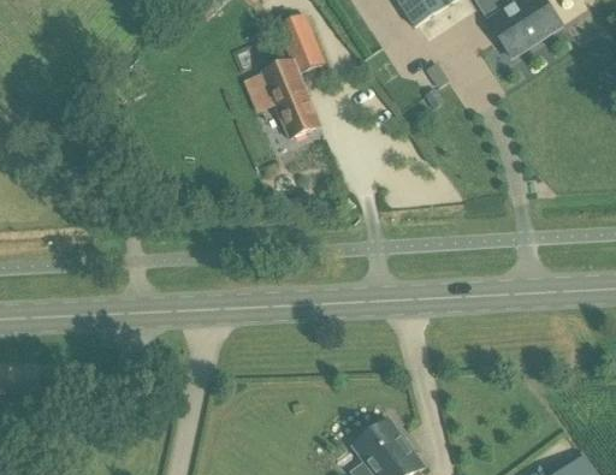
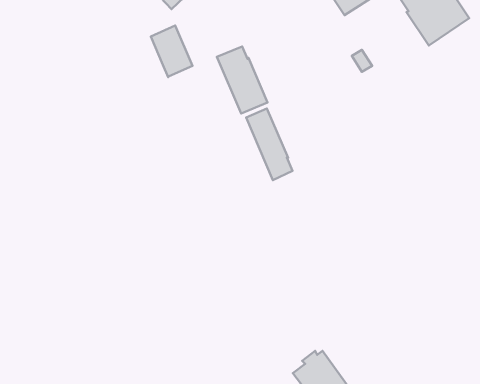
building: [277,12,326,73] -> [151,25,192,77]
building: none -> [246,108,293,180]

